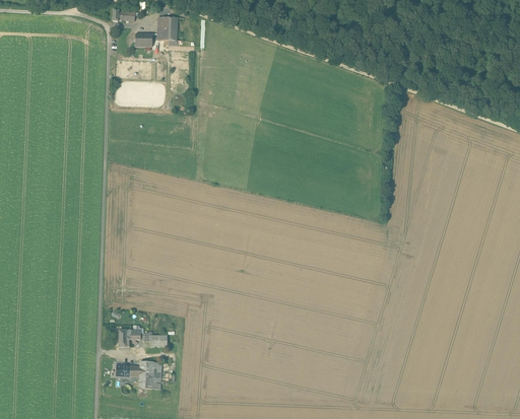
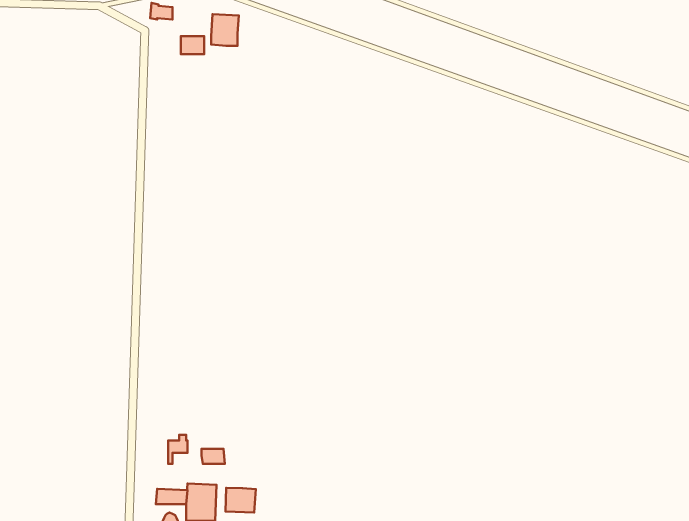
building: none -> [225,488,256,513]

